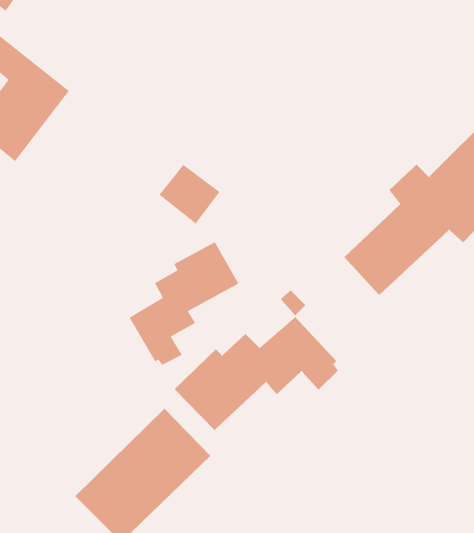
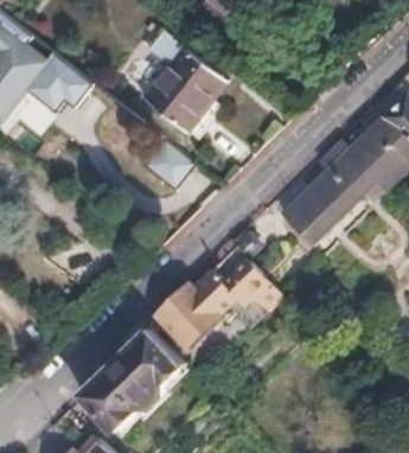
building: none -> [142,28,225,128]
building: [129,241,239,366] -> none

